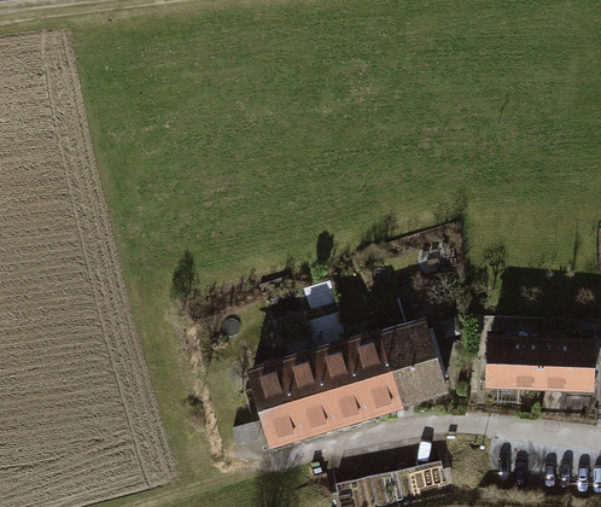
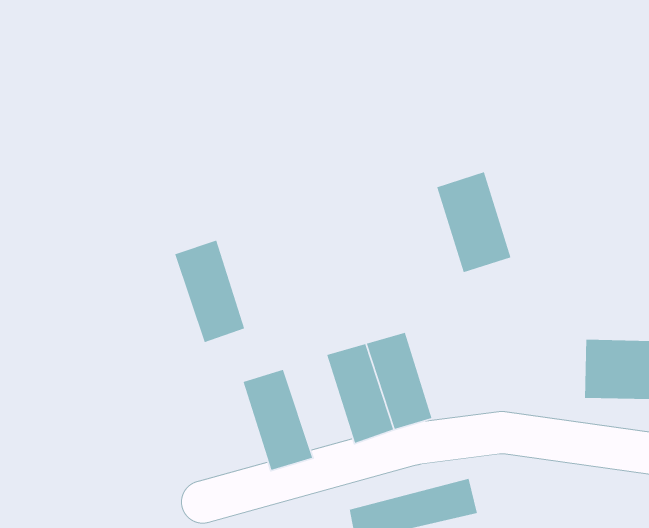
building: [384,319,448,406] -> [436,171,511,273]
building: [486,337,537,389] -> none
building: [280,351,340,439] -> [174,240,245,343]

